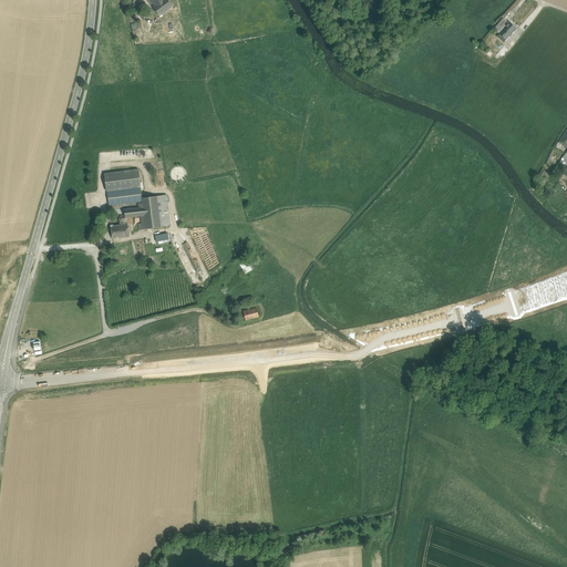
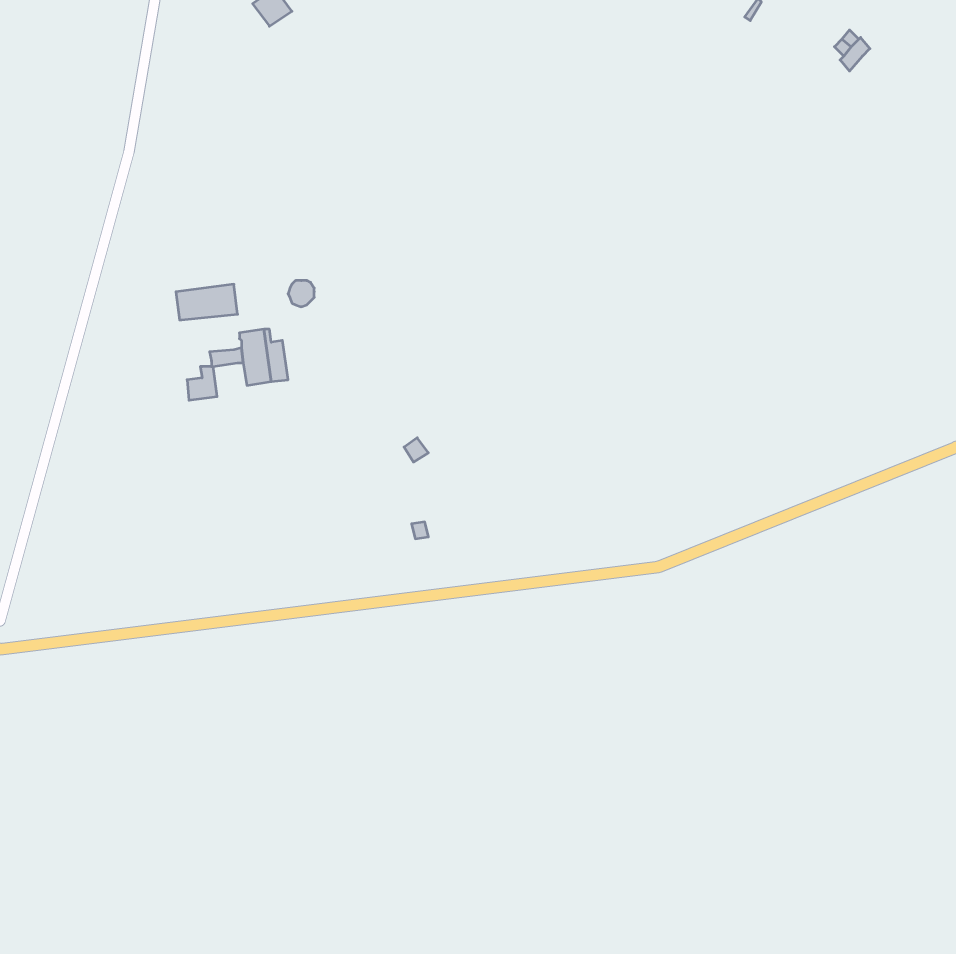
building: [107,186,142,205] -> none

